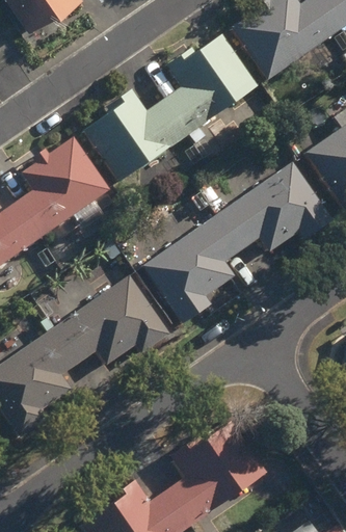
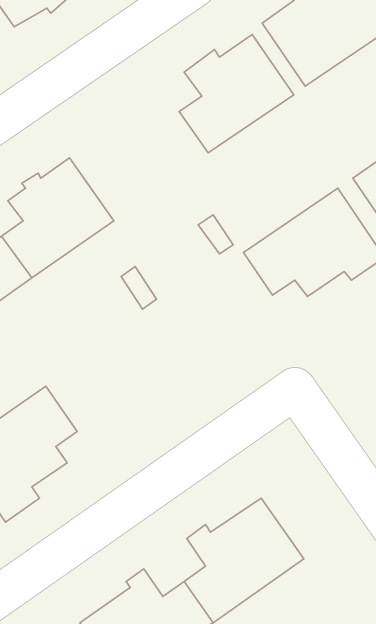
building: [84,90,187,182] -> none
building: [142,215,240,323] -> none
building: [53,274,169,365] -> none

